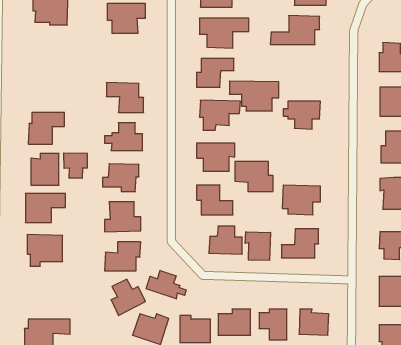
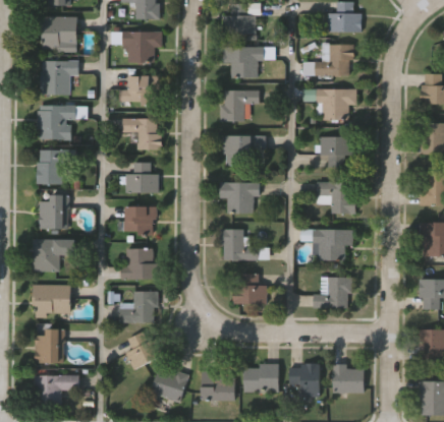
building: none -> [38,61,76,96]
building: none -> [118,75,160,106]
building: none -> [35,106,74,140]
building: [229,81,279,111] -> [302,88,356,121]
building: [64,153,87,178] -> none
building: [235,162,273,191] -> [316,182,357,215]
building: [245,232,270,260] -> none
building: [146,270,186,299] -> none
building: none -> [36,327,65,362]

